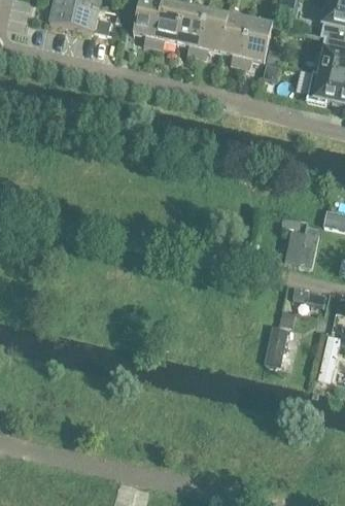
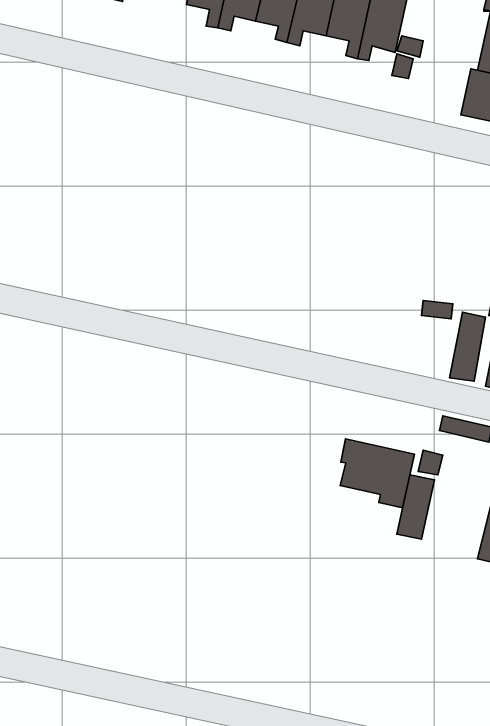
building: none -> [340,439,415,508]

